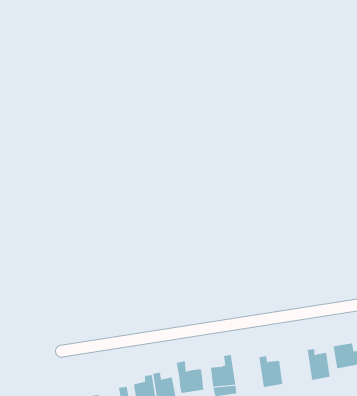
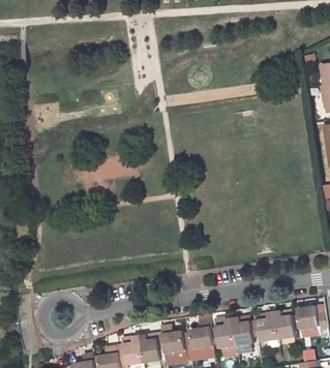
building: none -> [256,314,276,343]
building: none -> [213,320,234,349]

